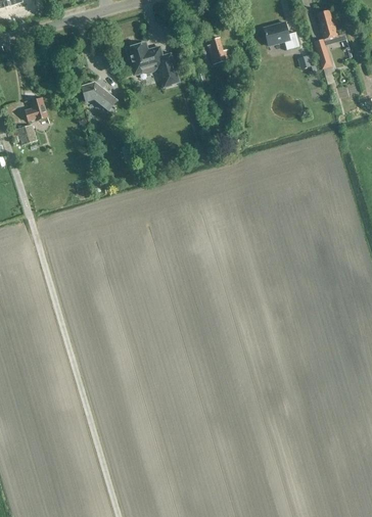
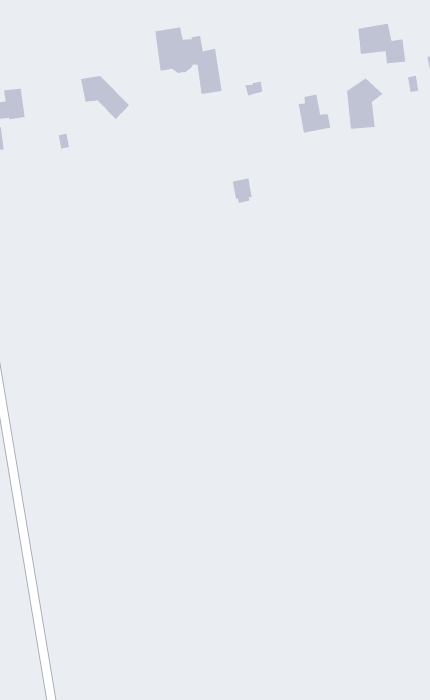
building: [206,37,231,64] -> [298,94,331,133]
building: none -> [346,78,383,130]

